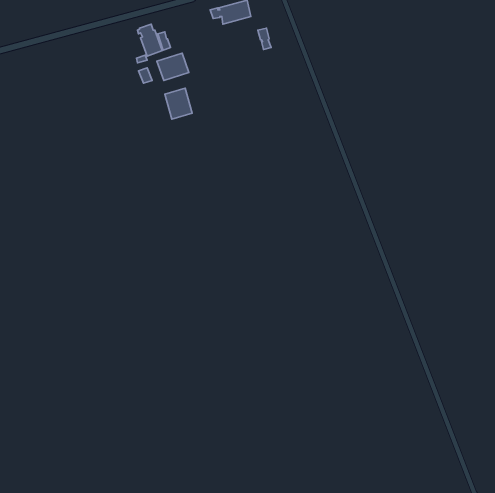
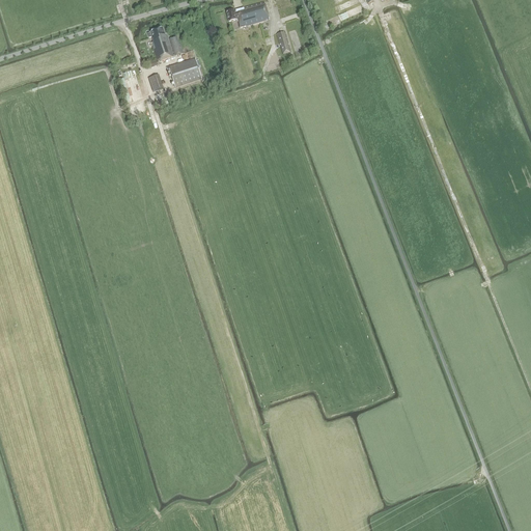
building: [165,88,192,119] -> none

